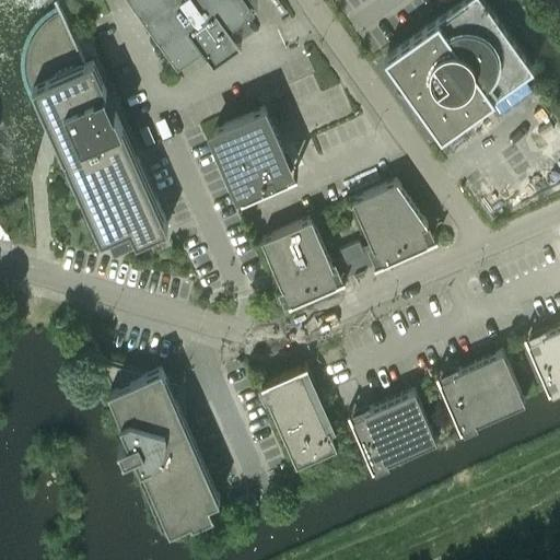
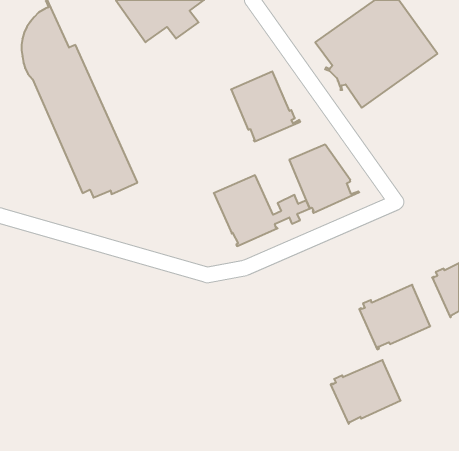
building: [213,115,298,200] -> [231,71,300,141]
building: [95,366,219,534] -> none
building: [260,373,336,469] -> none
building: [350,396,435,474] -> [331,360,401,424]

